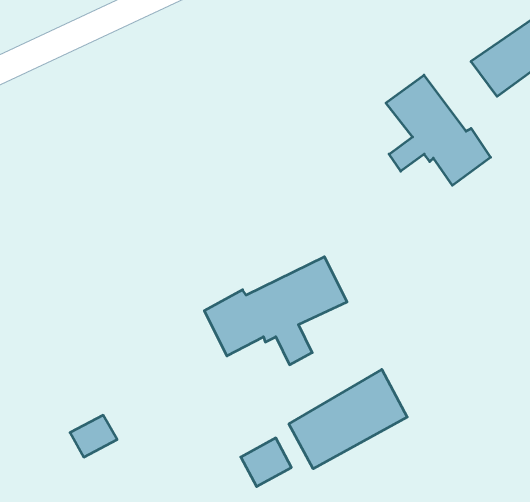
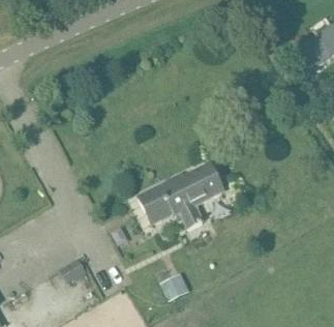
building: [386,75,491,185] -> none
building: [289,369,407,469] -> none

